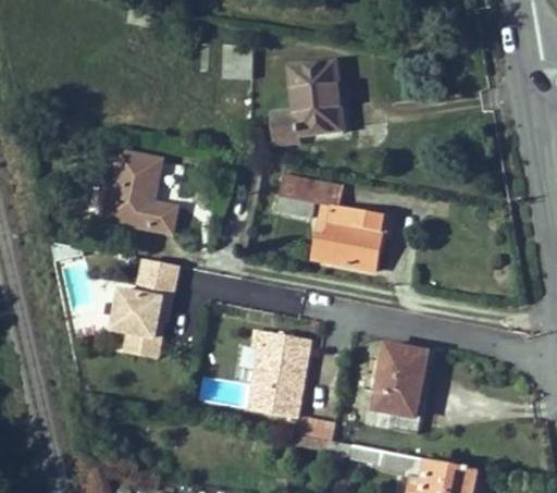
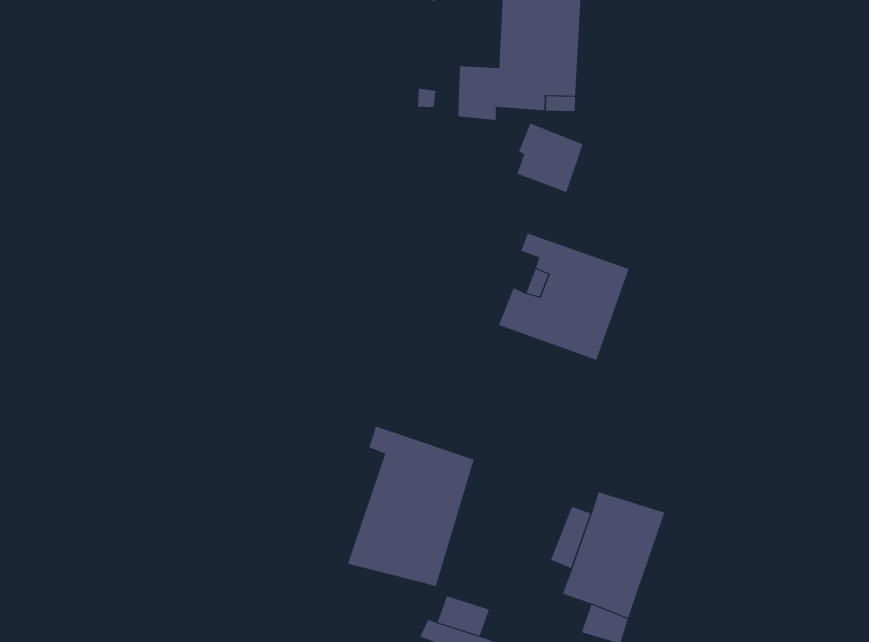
building: [108,155,175,232] -> none
building: [278,178,315,215] -> [517,123,583,193]
building: [113,273,180,359] -> none

